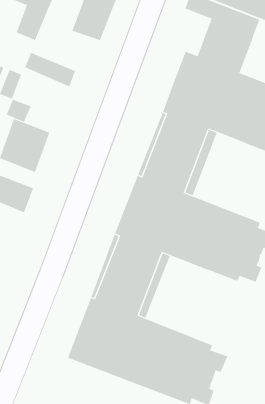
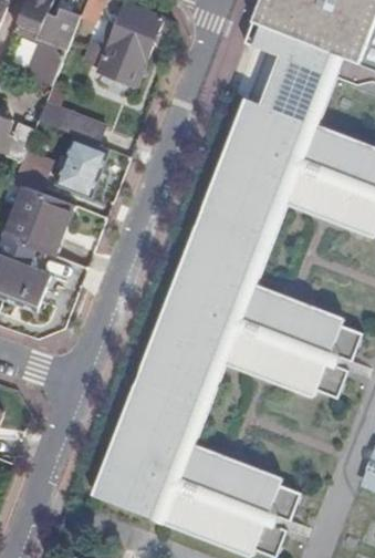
building: none -> [54,136,108,198]

